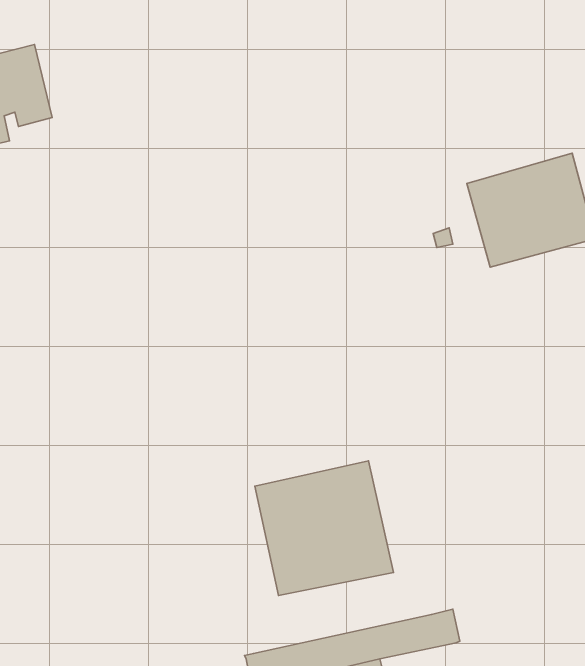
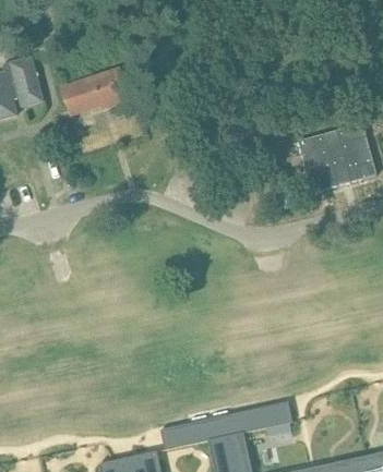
building: none -> [62,70,129,114]
building: [255,461,393,596] -> none

